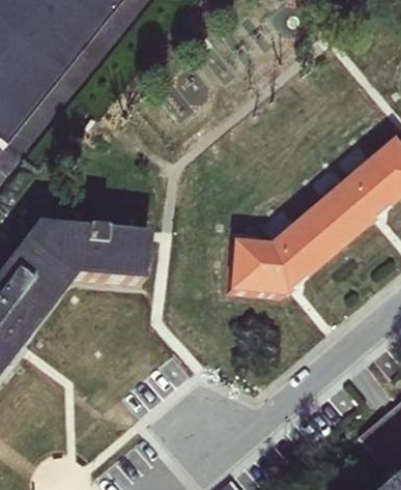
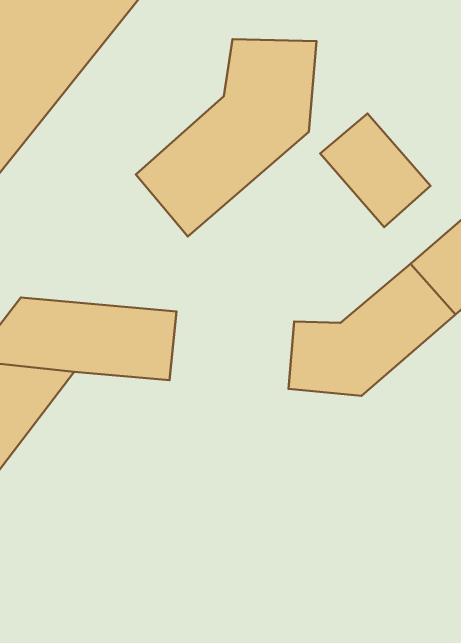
building: none -> [136,39,316,236]
building: none -> [320,113,431,227]

